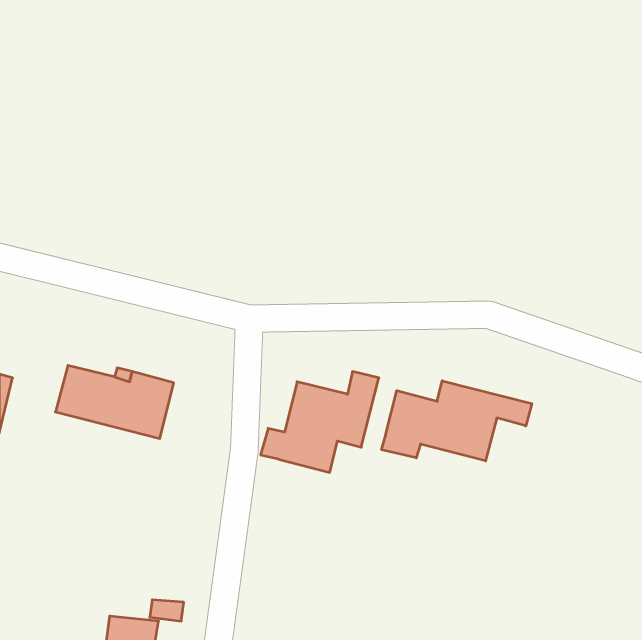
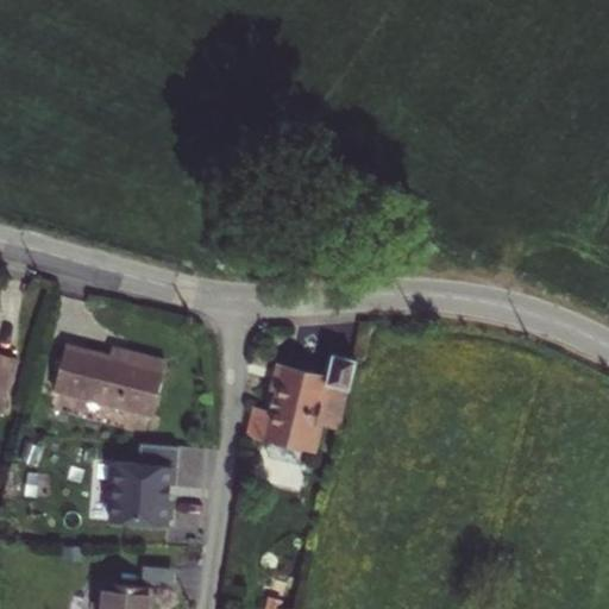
building: [382,381,532,461] -> none
building: none -> [92,444,178,522]

